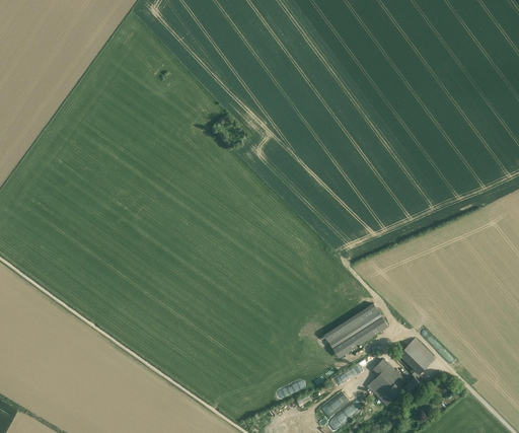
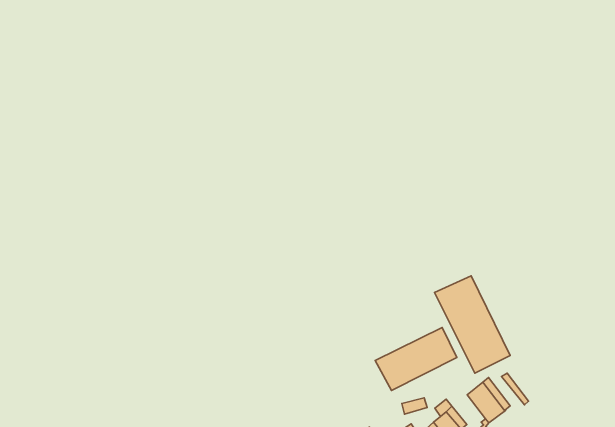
building: none -> [435,276,510,373]

